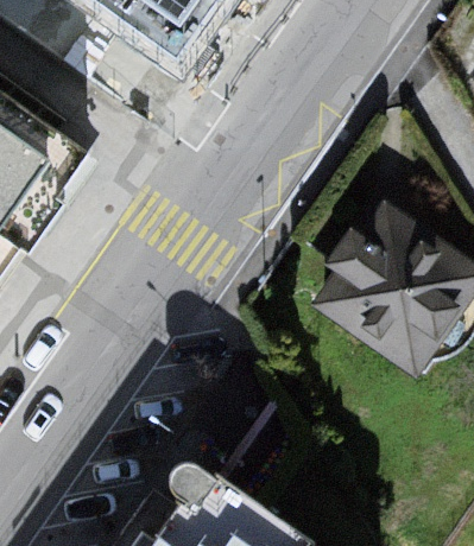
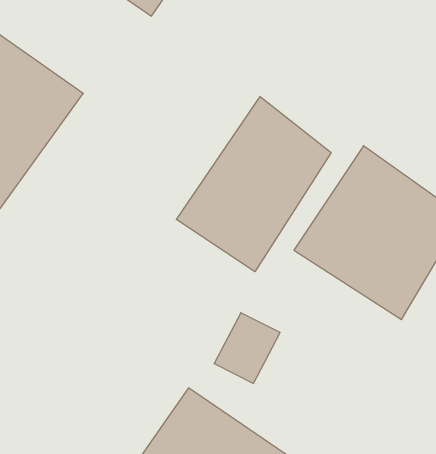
building: none -> [176,97,331,272]

